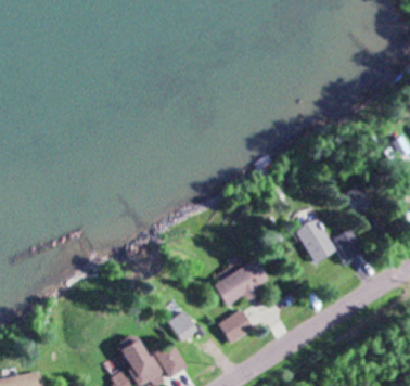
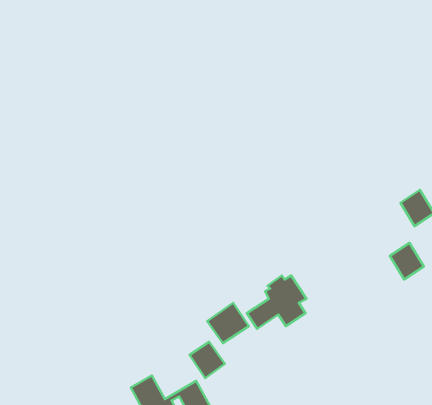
building: [294,220,333,263] -> none
building: [218,310,253,344] -> [207,303,249,343]

